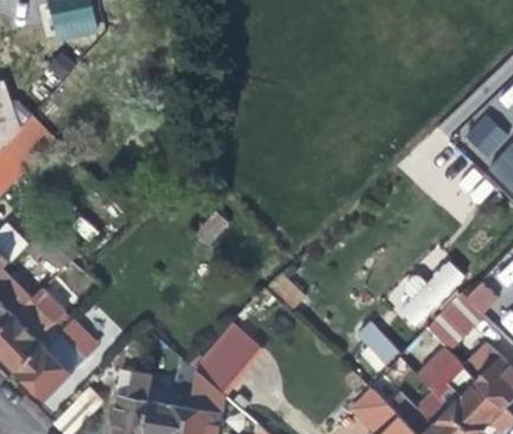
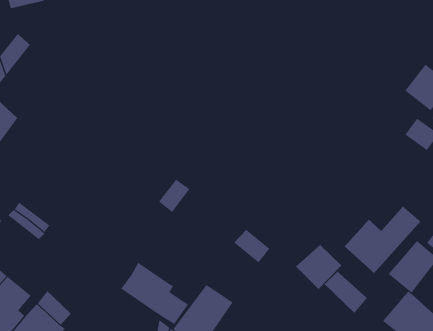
building: none -> [295,244,342,290]
building: none -> [121,262,189,325]

